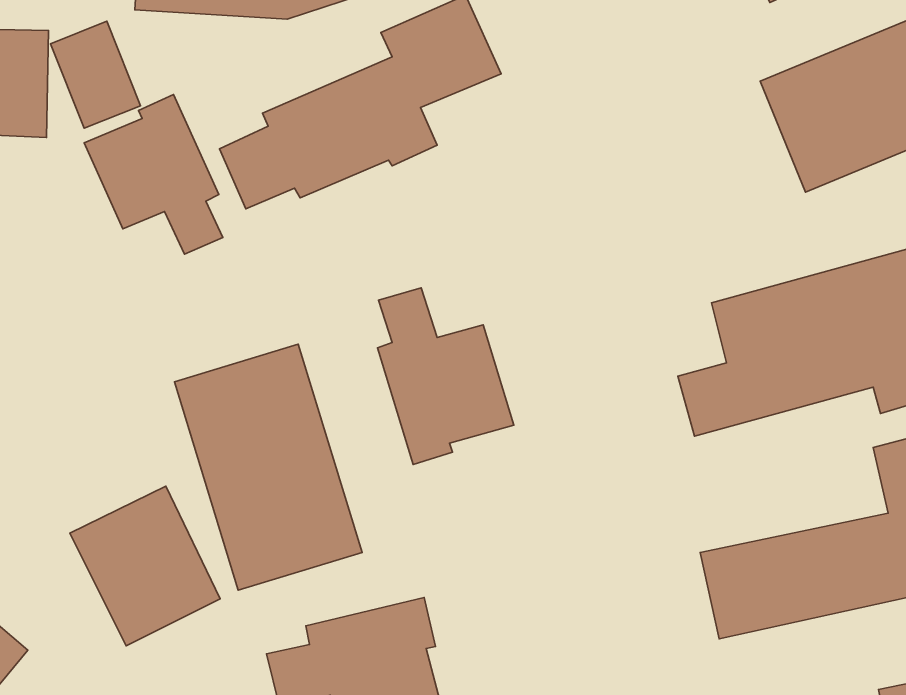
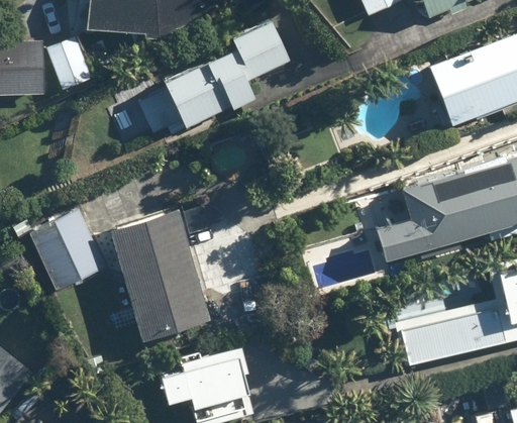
building: [84,94,223,254] -> none
building: [377,288,514,465] -> none
building: [70,486,220,646] -> [27,209,108,295]

